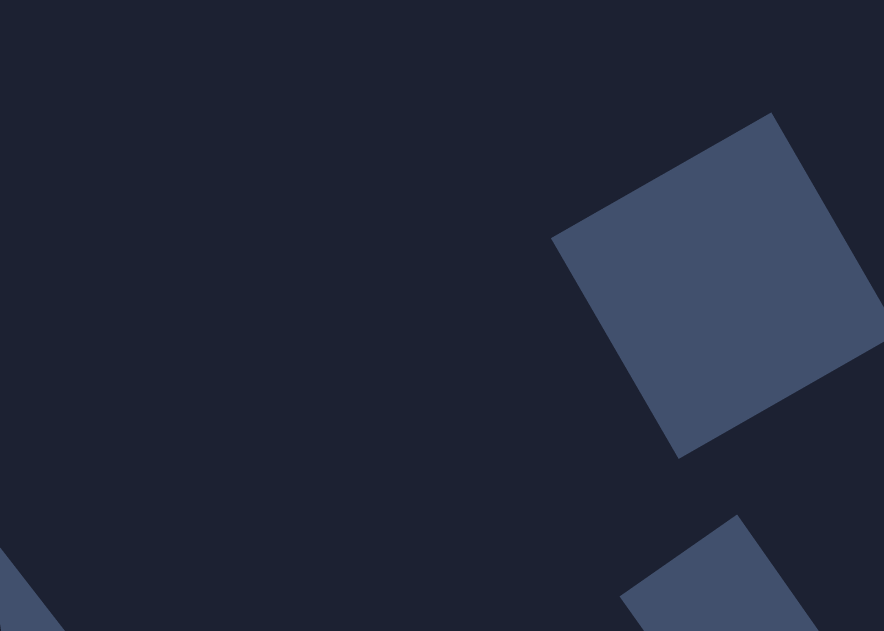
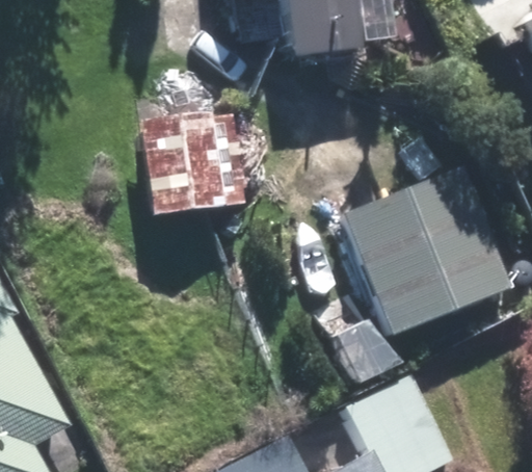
building: none -> [132,110,242,222]

